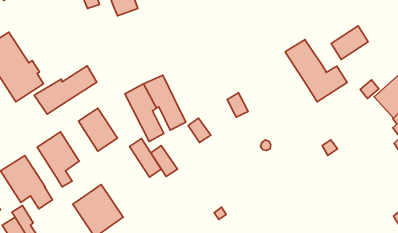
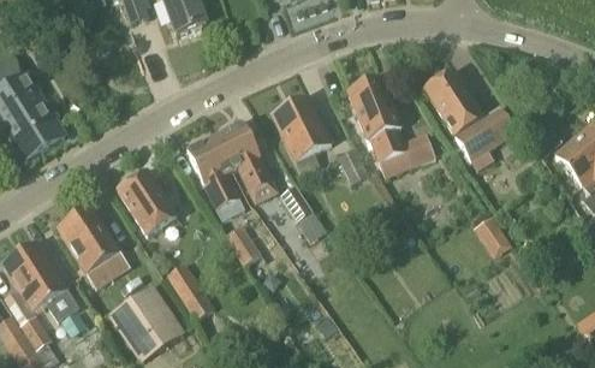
building: [331,26,368,59] -> none
building: none -> [345,77,435,165]
building: none -> [272,95,332,160]
building: [34,66,97,114] -> none
building: [129,138,161,177] -> [166,262,213,320]

